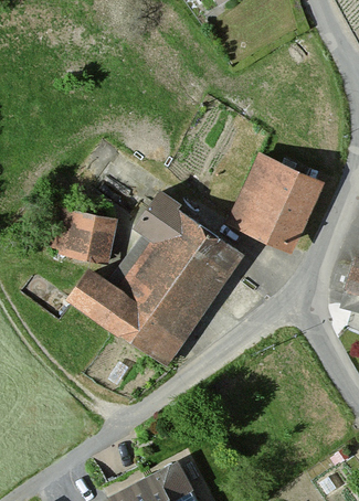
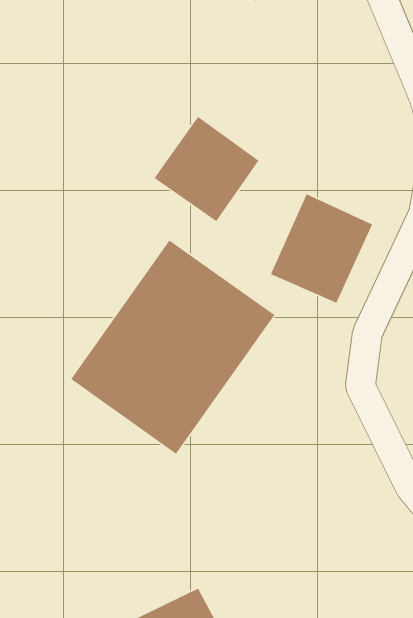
building: none -> [154,116,260,222]
building: [49,217,105,265] -> none

